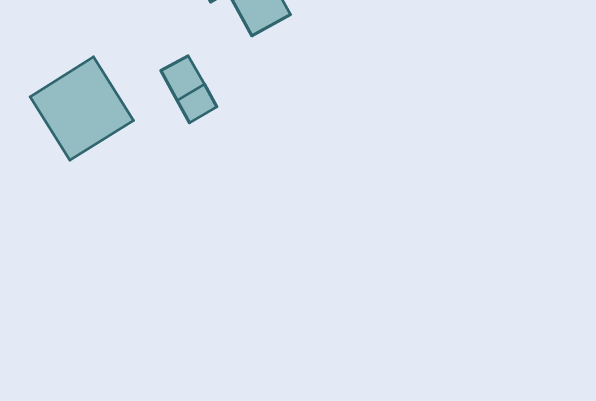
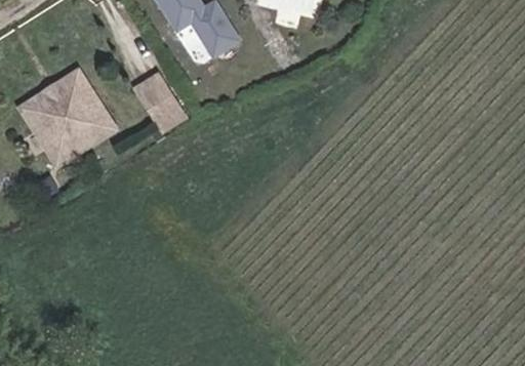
building: none -> [18,72,80,165]

